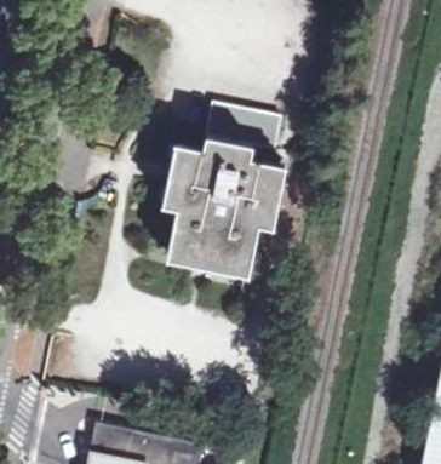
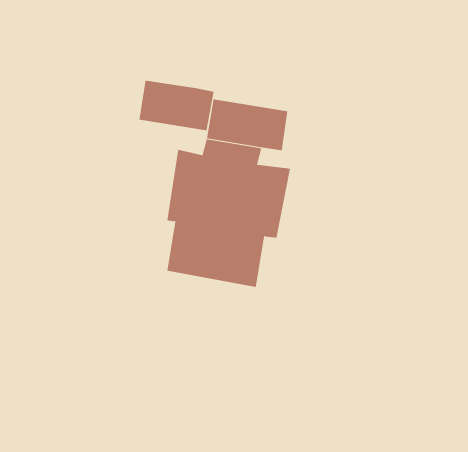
building: none -> [139,80,214,131]

